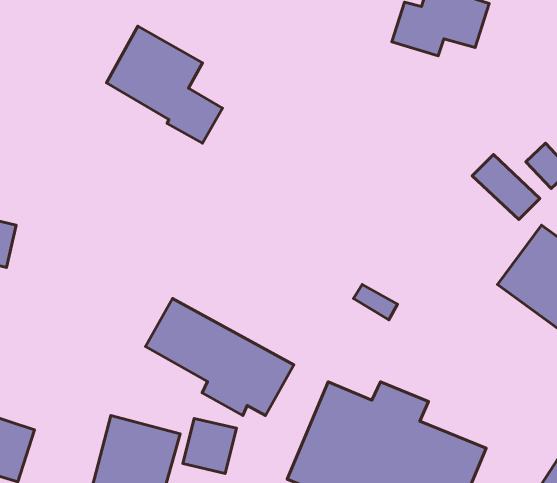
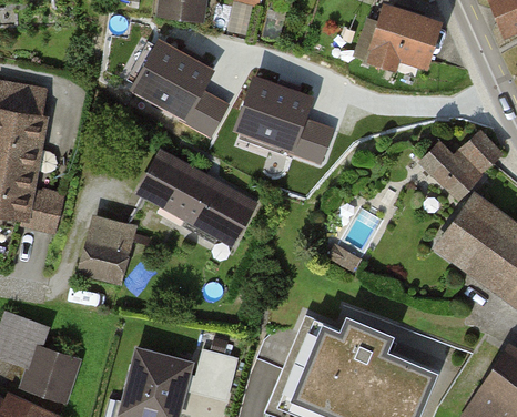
building: none -> [237,79,331,161]
building: none -> [87,218,135,281]
building: [146,298,294,415] -> [140,152,256,244]

